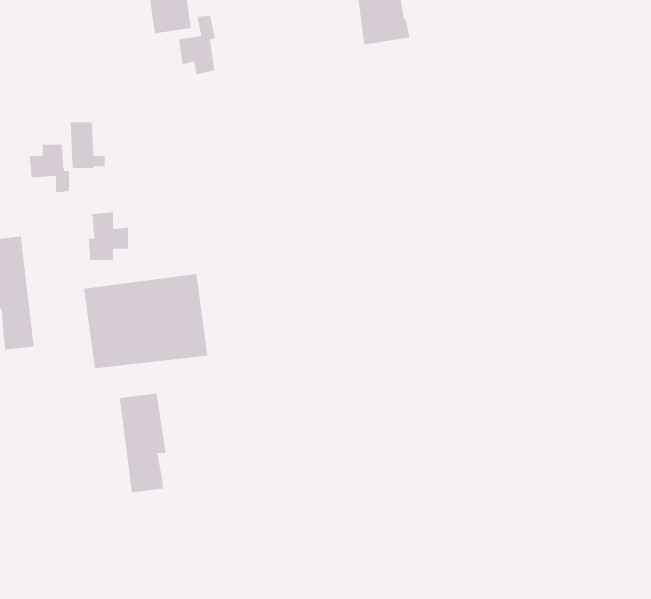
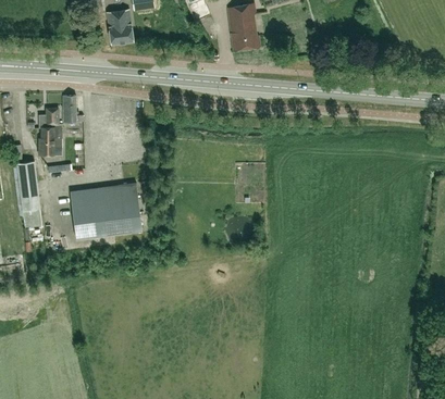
building: [178,15,215,75] -> none
building: [88,212,129,261] -> [38,127,62,155]
building: [119,392,166,493] -> none

